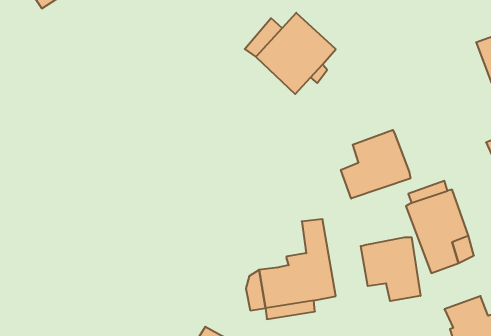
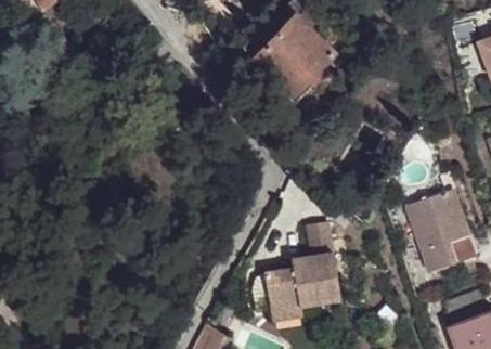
building: [341,130,410,199] -> none
building: [361,237,420,301] -> none

